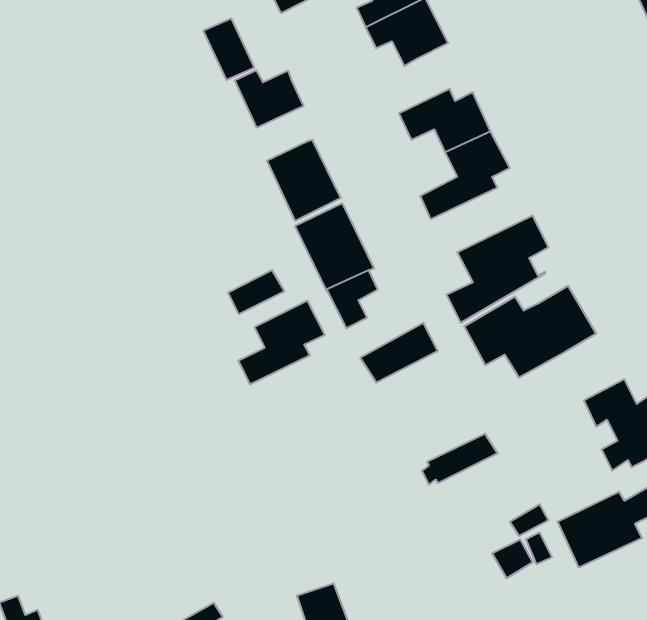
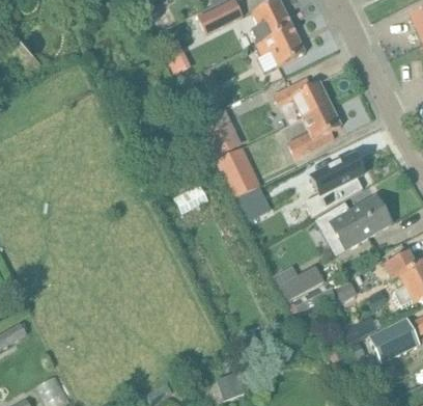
building: [235,70,304,128] -> none
building: [238,301,325,384] -> none
building: [360,323,438,383] -> [278,264,323,299]

